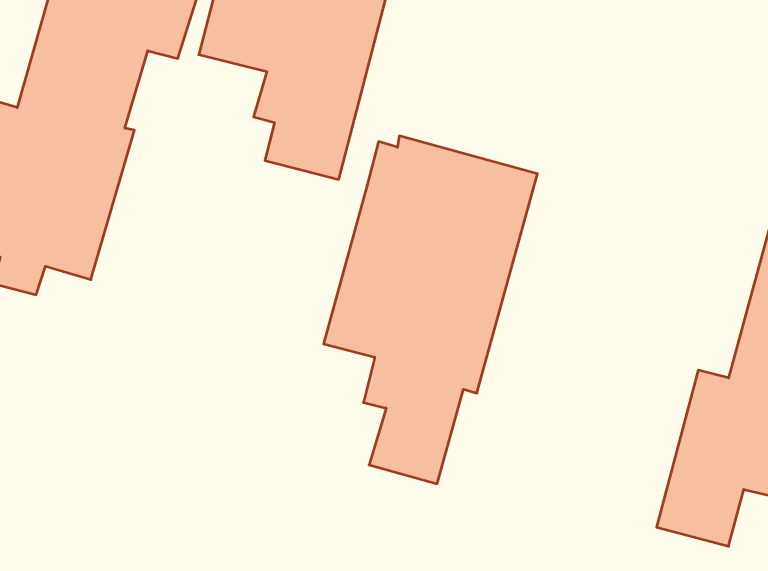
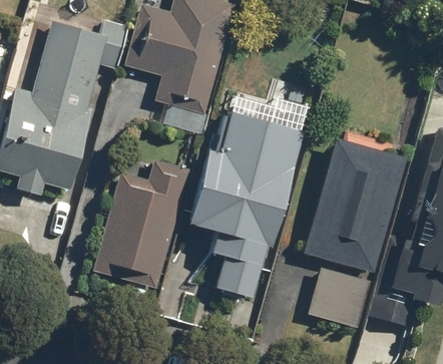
building: none -> [307,134,407,269]
building: none -> [92,158,189,286]
building: none -> [308,265,370,326]

